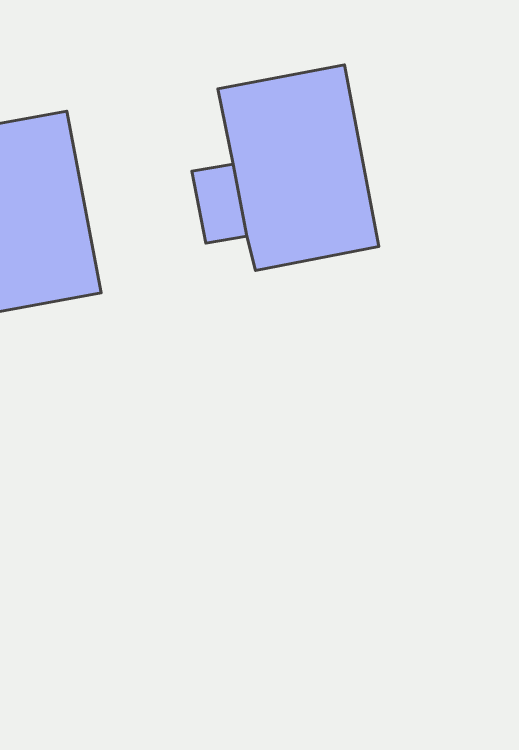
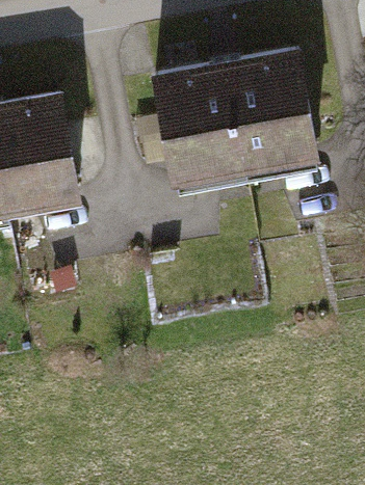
building: none -> [229,49,323,172]

